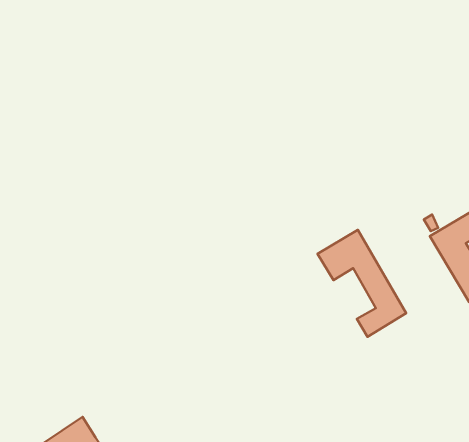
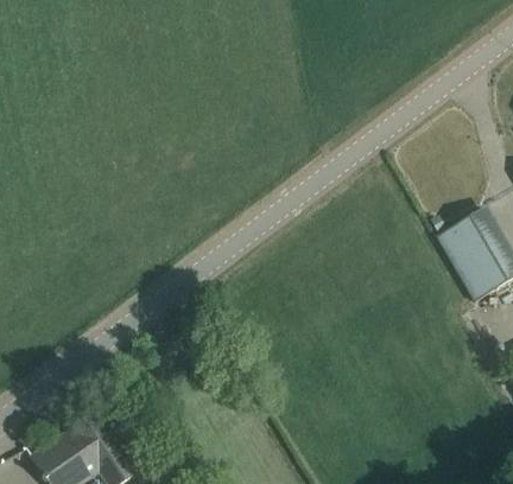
building: [317,230,406,337] -> none

